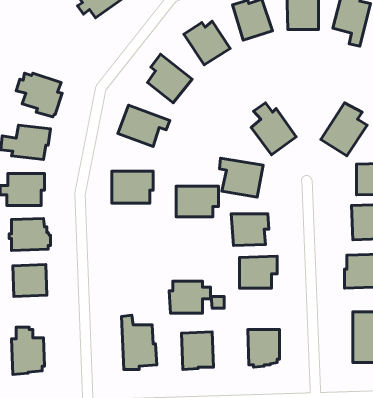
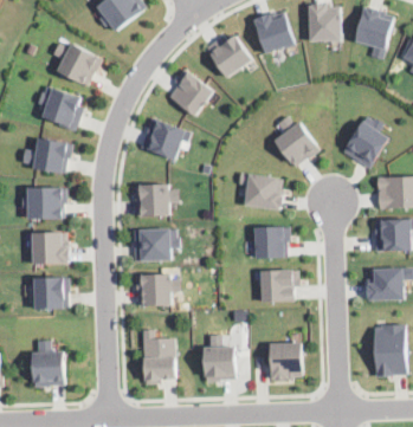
building: none -> [52,43,101,85]
building: [176,186,219,217] -> [134,229,176,260]
building: [169,281,211,313] -> [136,274,178,306]

